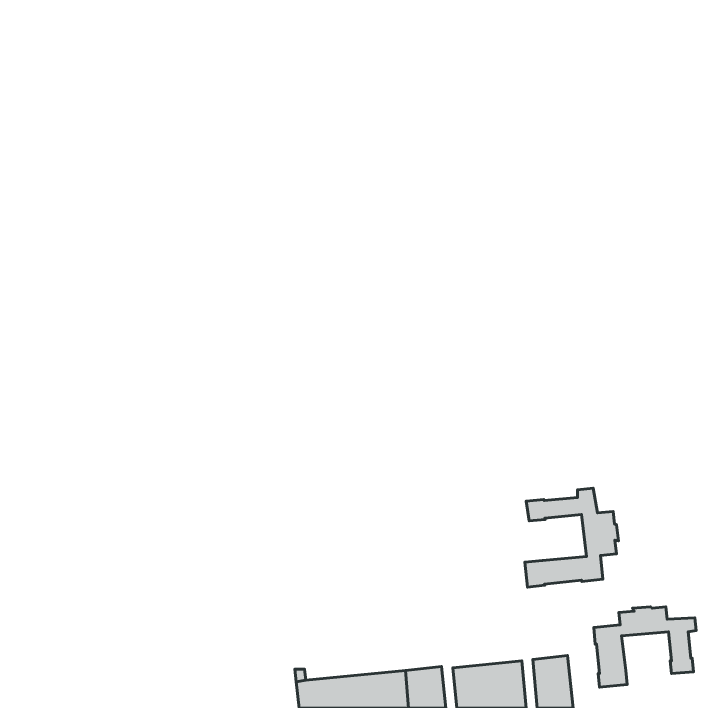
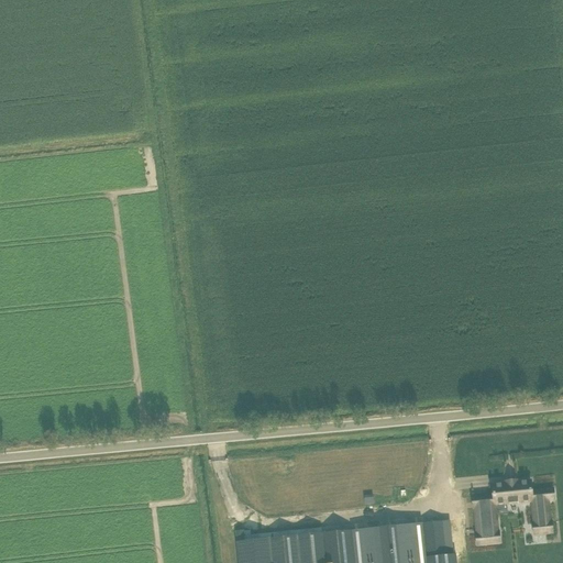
building: [525,488,619,587] -> none

